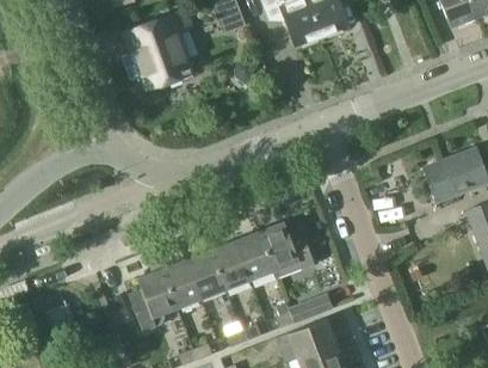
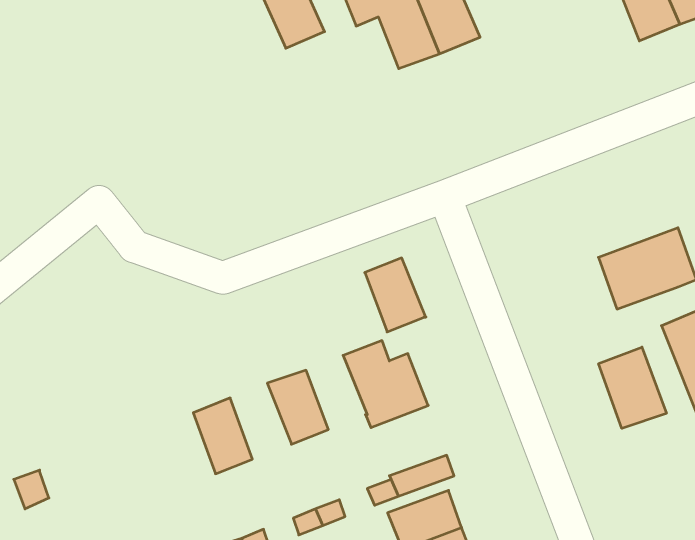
building: [125,12,194,88] -> none
building: none -> [599,347,666,428]
building: [235,232,274,280] -> [365,258,426,332]
building: [186,250,226,299] -> none
building: [131,269,177,332] -> none

